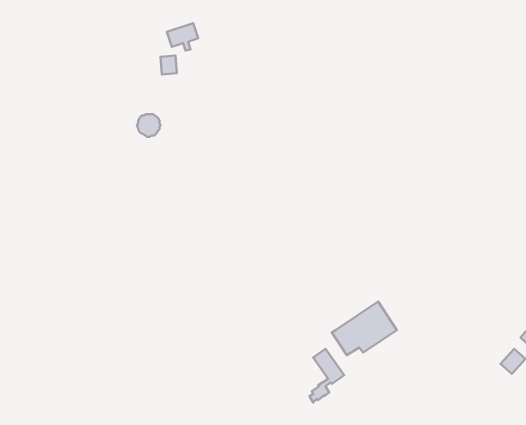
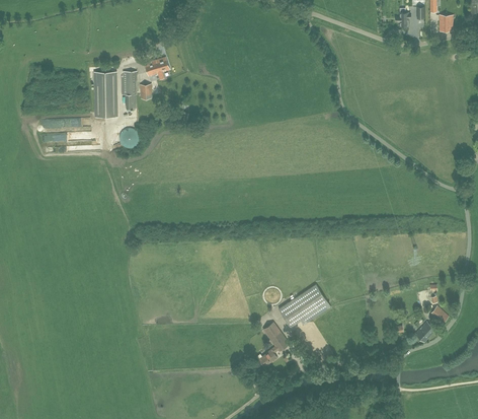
building: none -> [94,71,116,117]
building: none -> [121,71,136,108]

